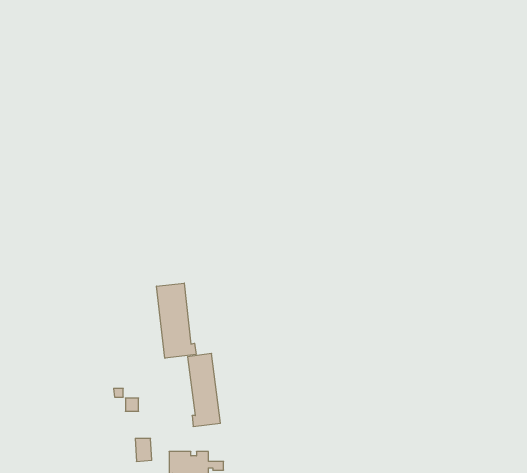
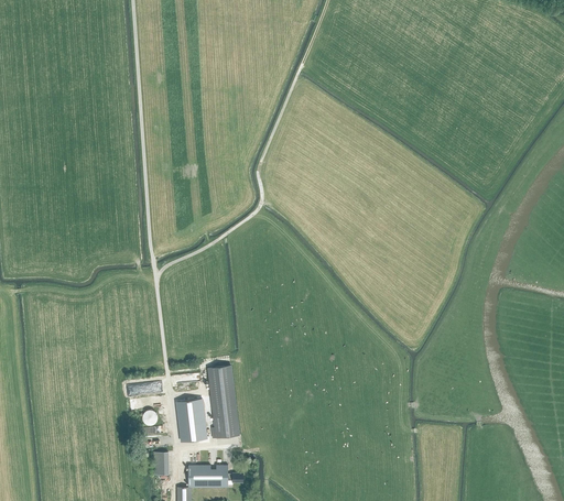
building: [157,283,196,358] -> none
building: none -> [175,399,209,442]

